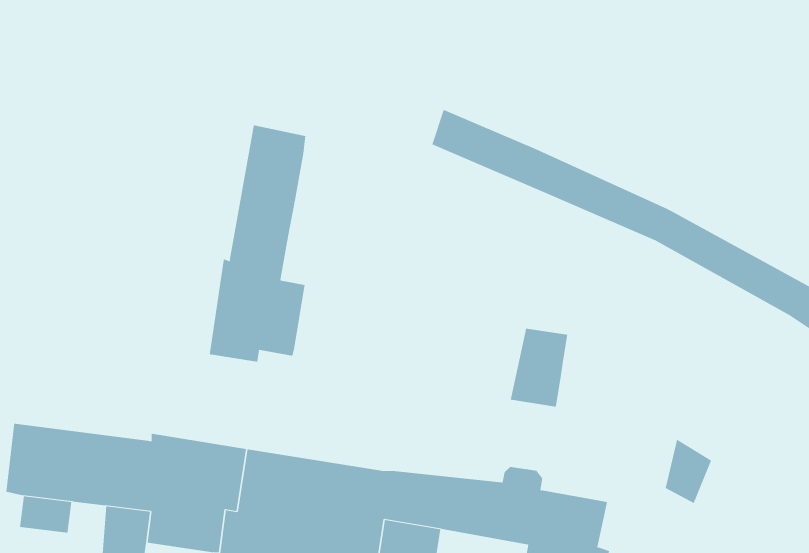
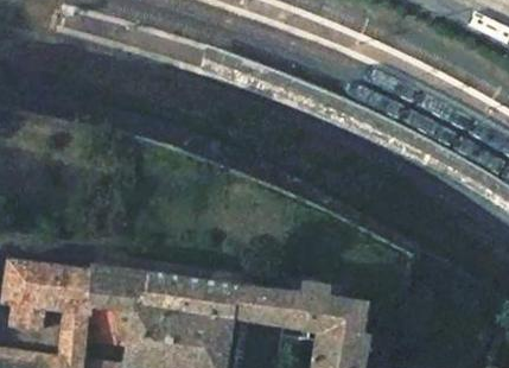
building: [209,124,306,362] -> none
building: [510,328,568,408] -> none

